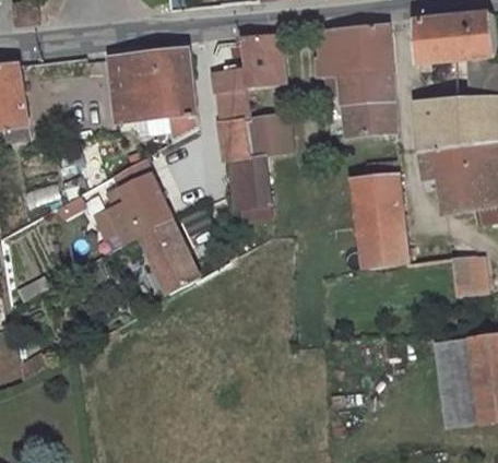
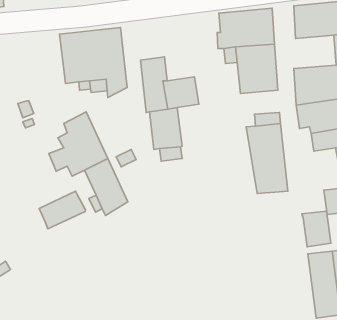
building: [213,34,285,91] -> none
building: none -> [39,191,85,229]
building: none -> [302,211,331,247]

